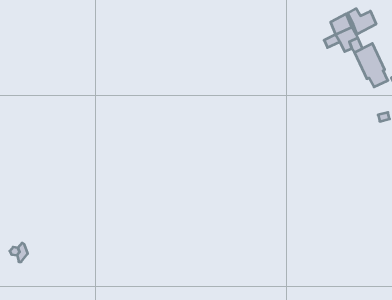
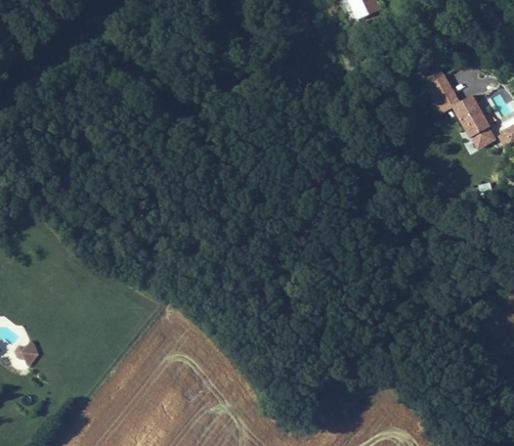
building: [348,9,376,34] -> none

